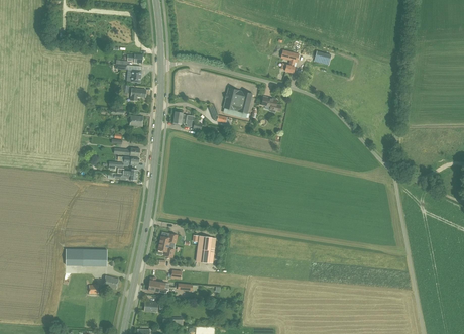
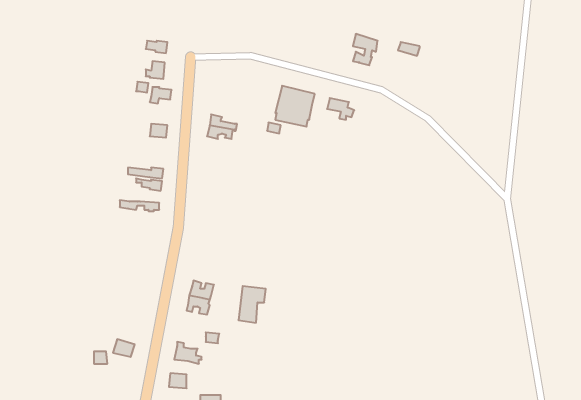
building: [66,248,107,265] -> none

